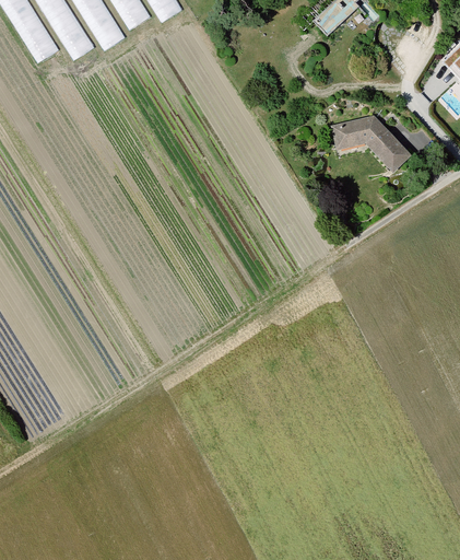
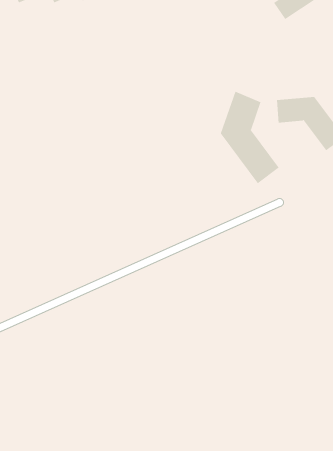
building: none -> [220,91,280,184]

